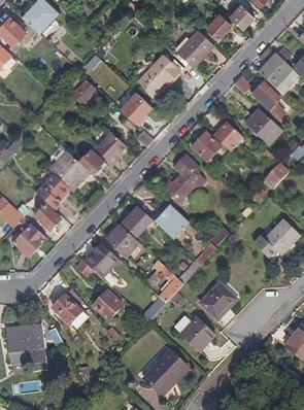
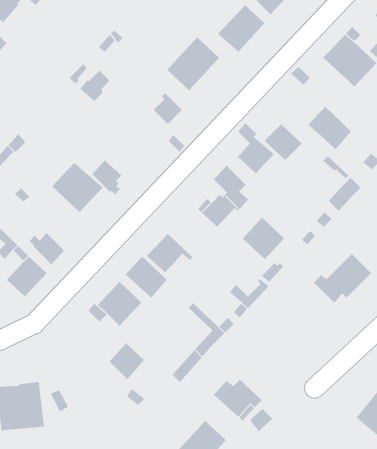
building: [251,77,285,116] -> none
building: [96,131,127,163] -> none
building: [37,173,72,208] -> none
building: [157,204,190,237] -> [242,217,285,260]
building: [198,282,233,319] -> none
building: [54,286,83,322] -> none

